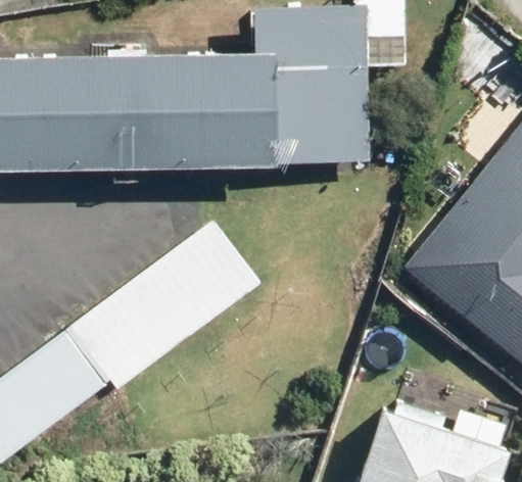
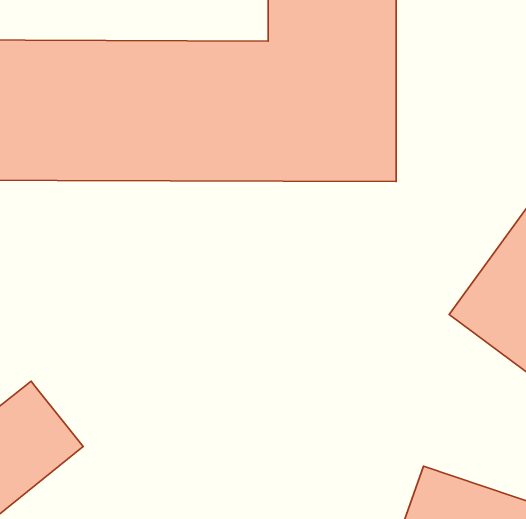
building: [64,225,255,399] -> none

